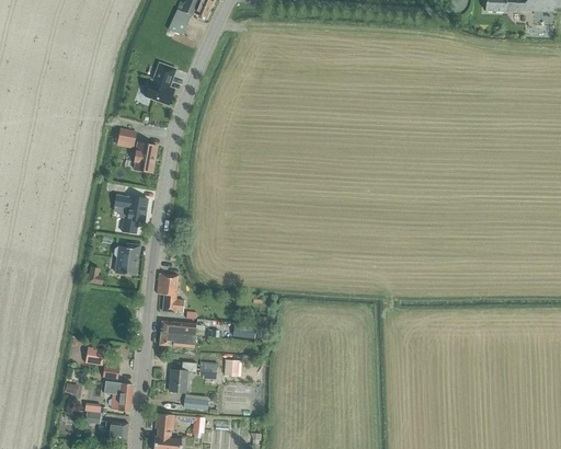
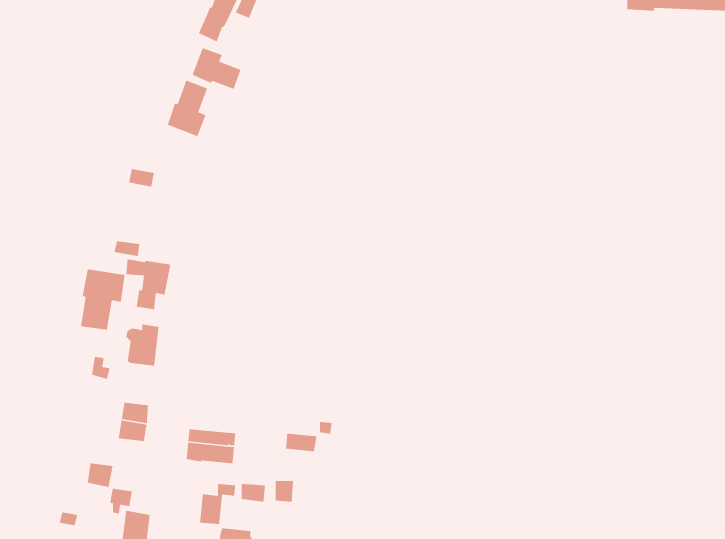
building: none -> [192,47,242,90]
building: [134,141,158,173] -> none
building: none -> [80,269,125,331]
building: [157,273,184,312] -> none

